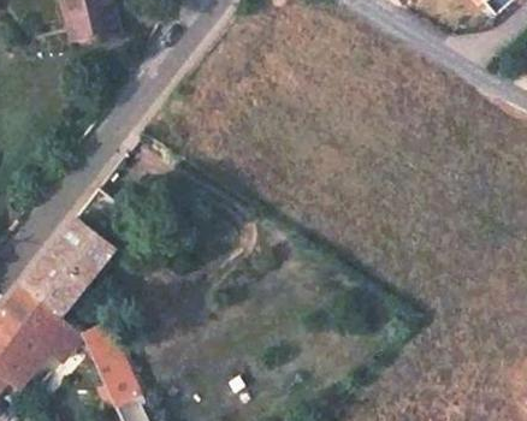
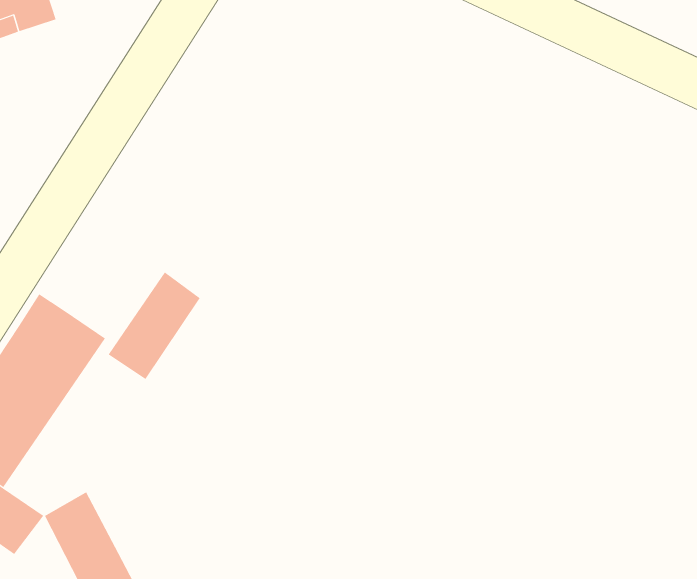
building: none -> [108,271,200,380]

